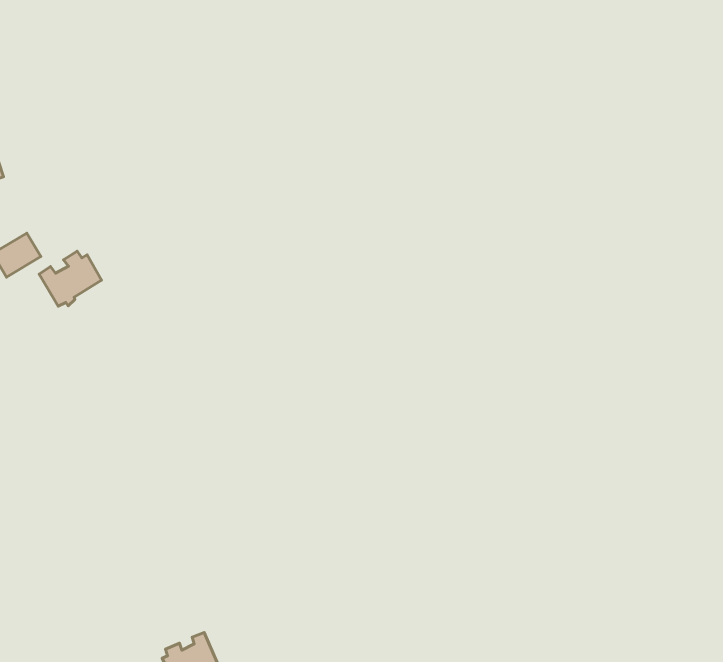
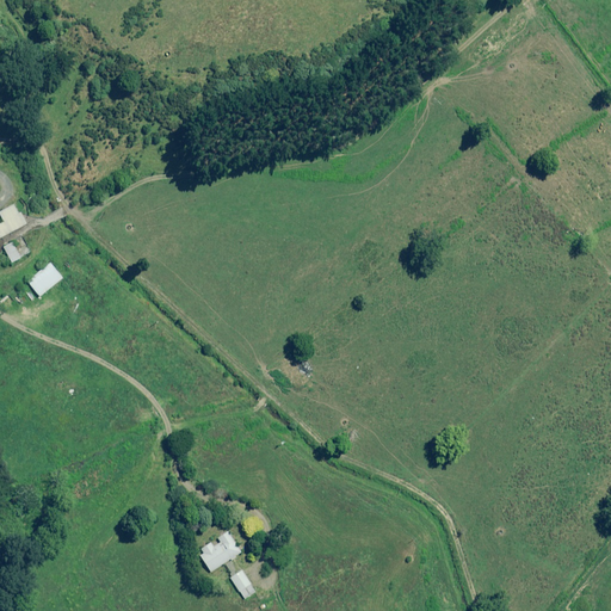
building: [39,251,101,306] -> none

